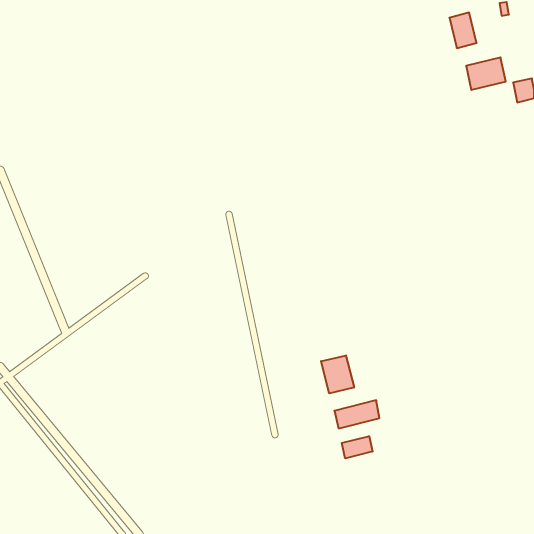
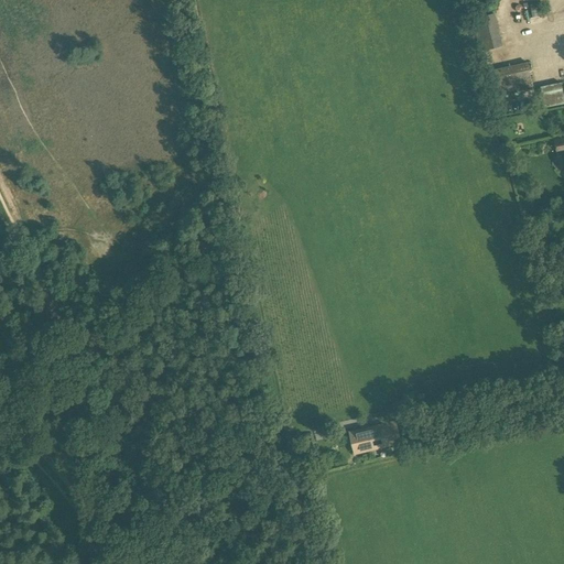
building: [321,355,354,393] -> none
building: [342,436,373,458] -> none

